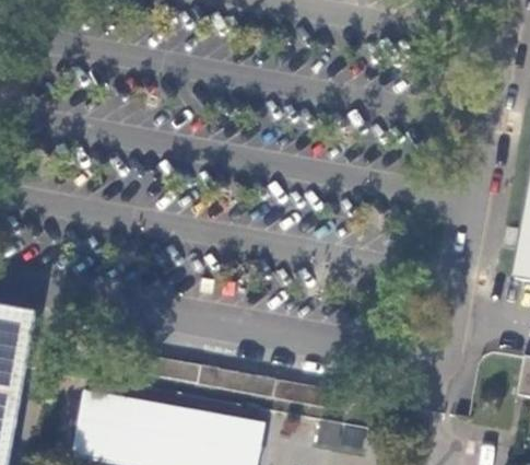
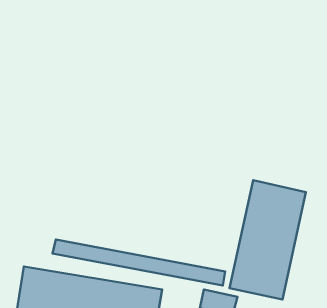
building: none -> [229,180,306,299]

